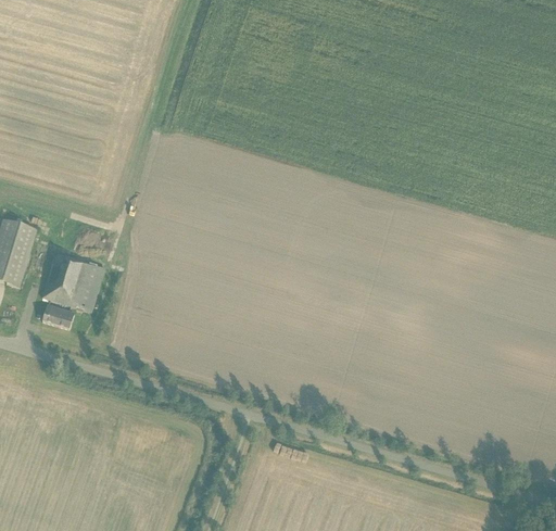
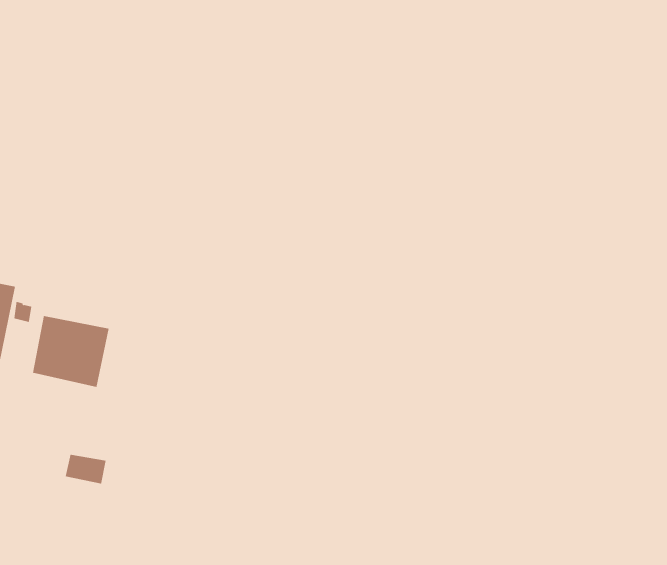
building: [41,303,74,328] -> [65,454,106,484]

